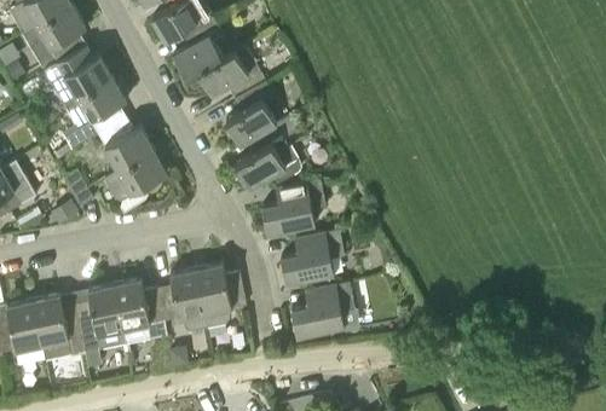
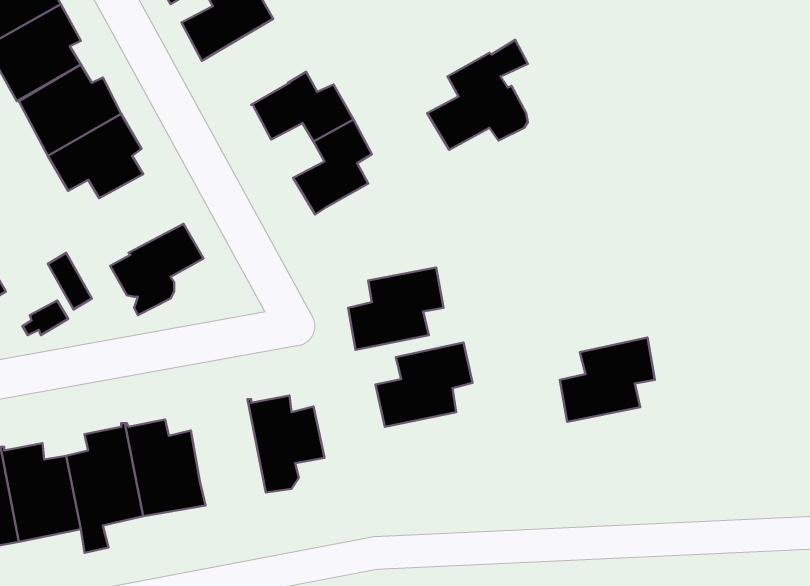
building: [172,16,225,80] -> none
building: [233,116,300,189] -> [427,40,528,150]
building: [97,118,152,170] -> none
building: [157,267,207,332] -> none
building: [290,282,353,337] -> [560,338,655,422]

